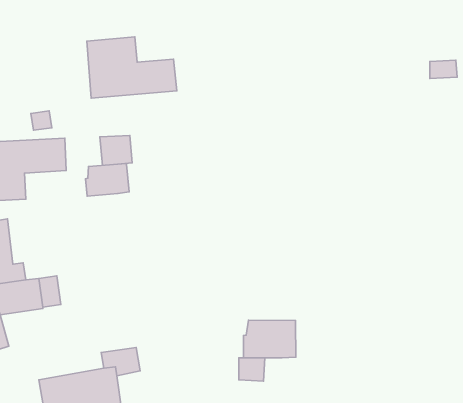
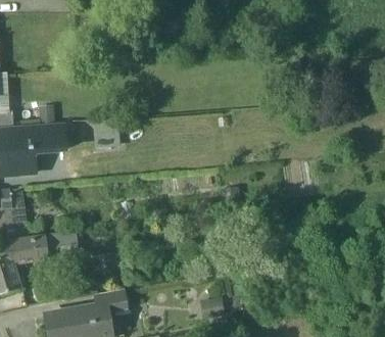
building: [87,37,177,98] -> none
building: [86,163,129,196] -> none
building: [243,320,296,358] -> none

